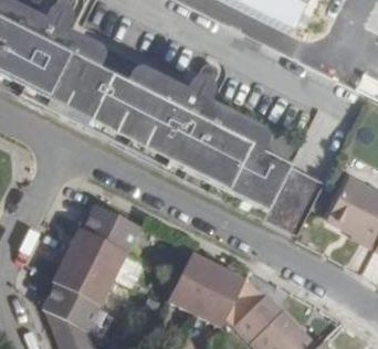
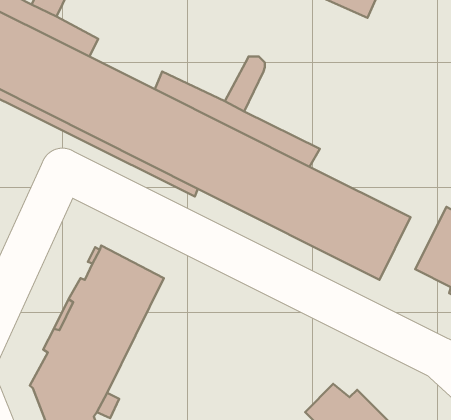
building: [168,251,245,325] -> none

